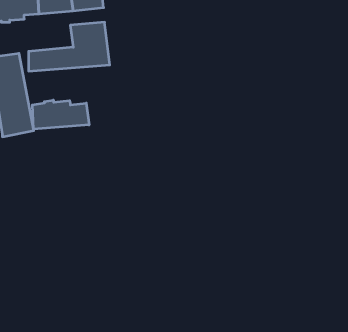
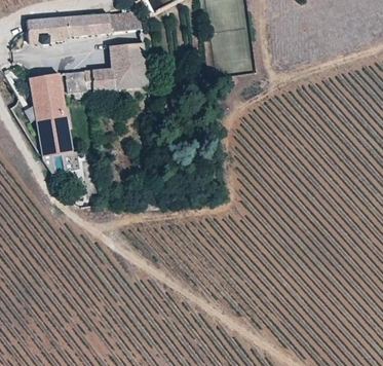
building: [32,100,89,129] -> none

